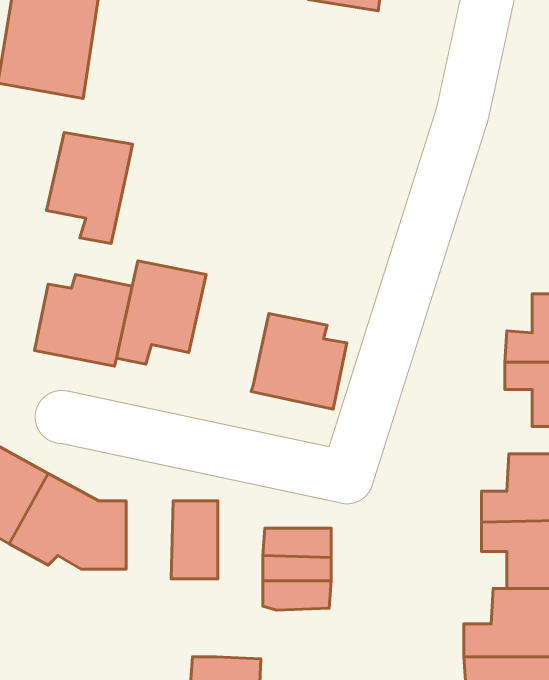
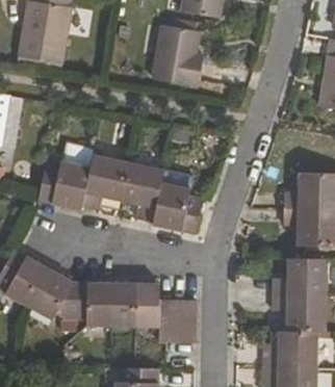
building: none -> [156,24,206,84]
building: [47,132,133,244] -> [120,160,165,220]
building: none -> [86,281,111,322]
building: none -> [135,281,160,322]

